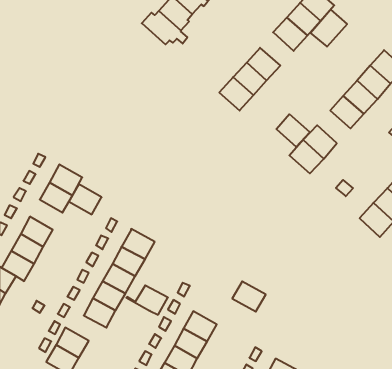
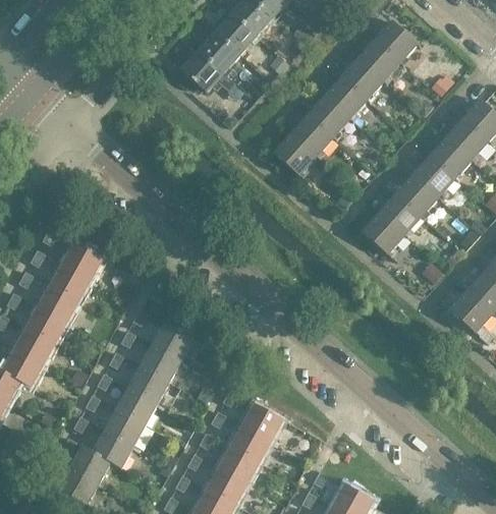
building: [310,10,347,47] -> none
building: none -> [325,76,367,118]
building: [276,114,310,147] -> [396,174,438,215]
building: [69,184,102,214] -> [38,285,78,323]
building: [232,281,266,312] -> [241,403,283,441]
building: [126,285,168,315] -> [81,430,133,466]

